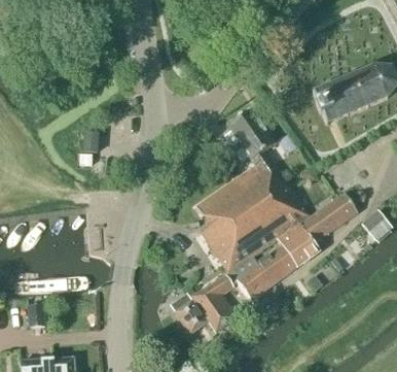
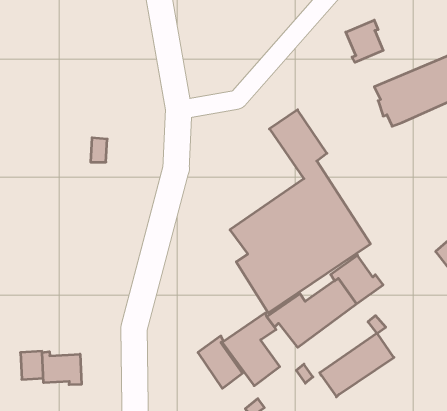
building: none -> [346,20,383,62]
building: [298,193,358,244] -> [320,333,394,397]
building: none -> [42,352,81,385]

